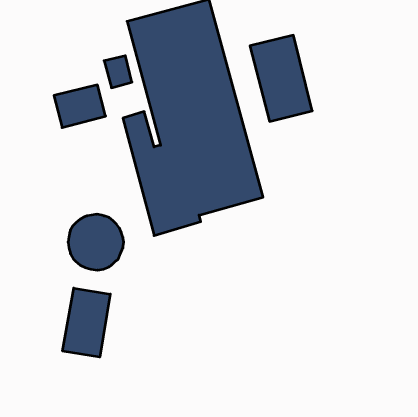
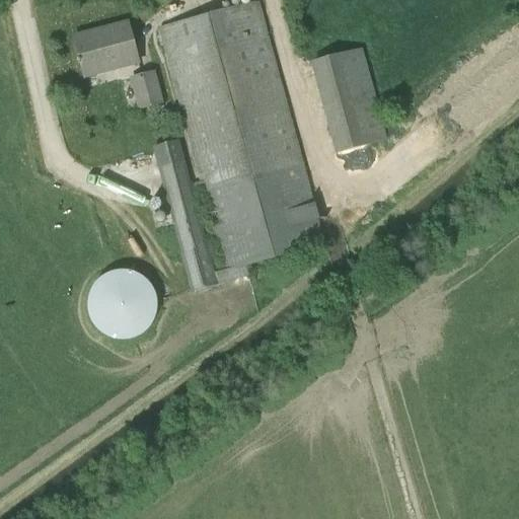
building: [54,85,106,128] -> [74,22,138,75]
building: [63,288,110,357] -> none

